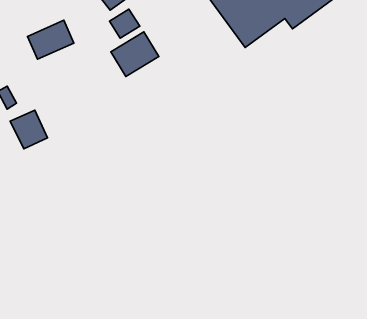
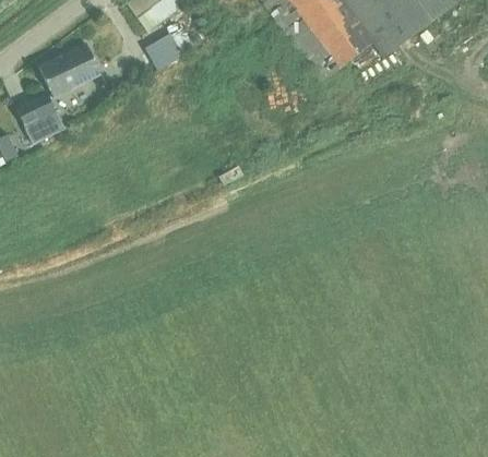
building: [111,32,159,76] -> none
building: [10,110,47,149] -> [16,91,64,141]

